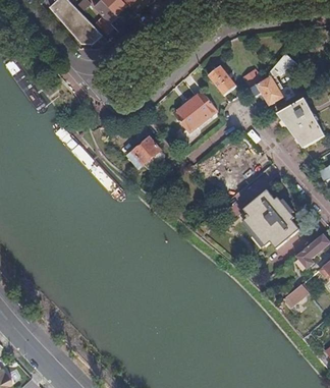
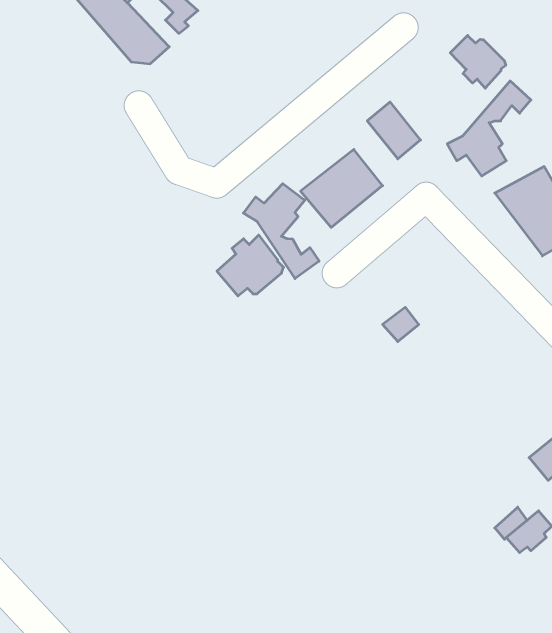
building: none -> [450,35,506,88]
building: none -> [243,184,319,279]
building: [242,190,299,248] -> none

